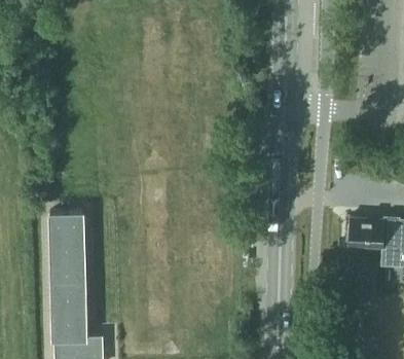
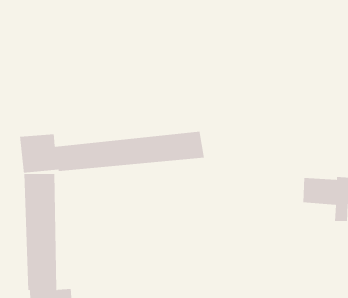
building: none -> [19,131,204,173]

